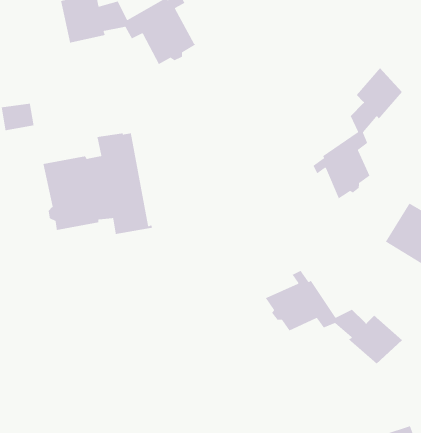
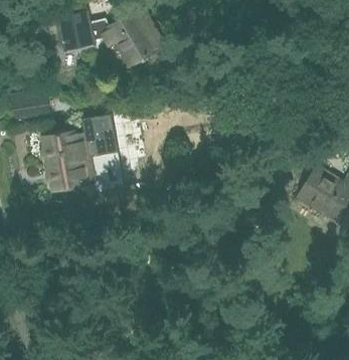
building: [313,67,403,200] -> none
building: [265,270,403,365] -> none

